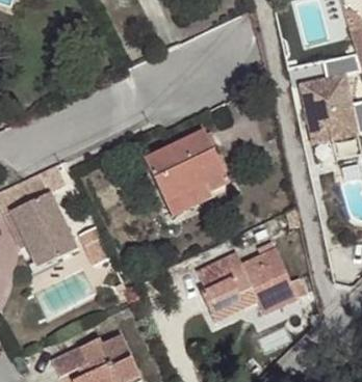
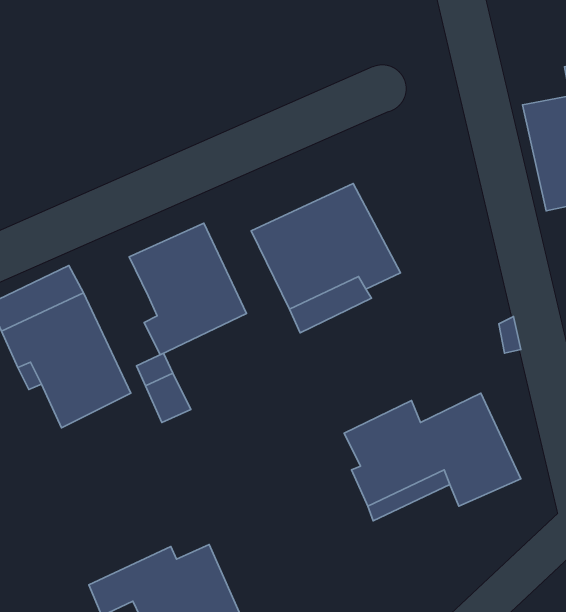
building: none -> [129,223,247,355]

